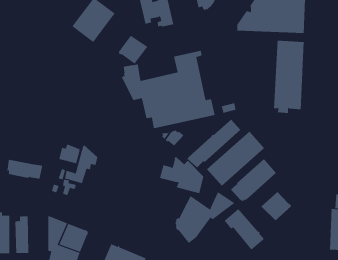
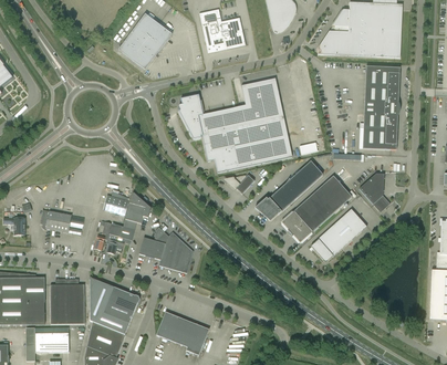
building: [118,35,148,65] -> none
building: none -> [358,173,391,211]
building: [159,156,204,194] -> [138,226,193,271]
building: [175,191,236,244] -> none
building: [261,191,291,221] -> none
building: [224,208,265,250] -> none
building: none -> [66,278,84,323]

